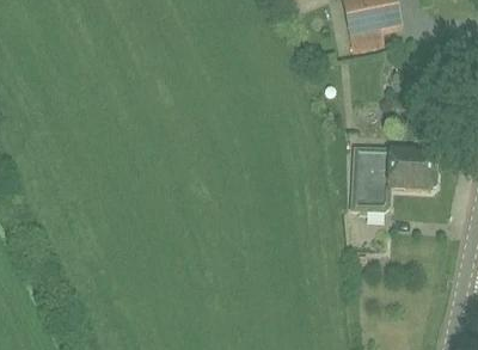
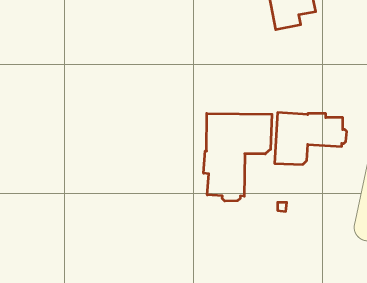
building: none -> [204,113,272,201]

